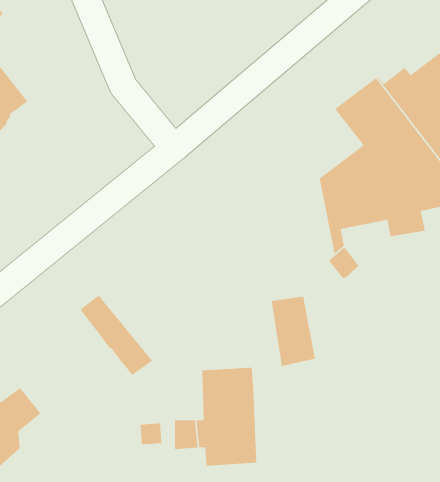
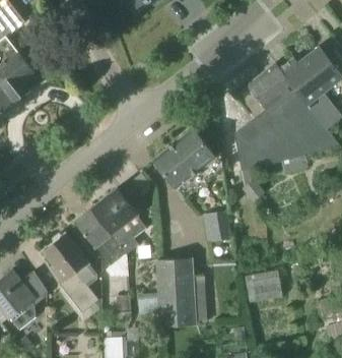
building: none -> [153,128,222,198]
building: none -> [88,180,146,255]
building: none -> [44,233,100,312]
building: none -> [248,277,280,298]

